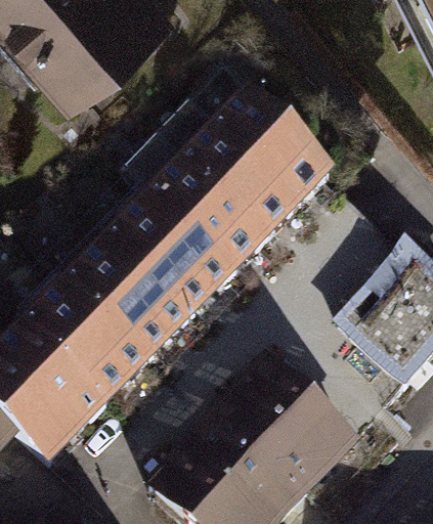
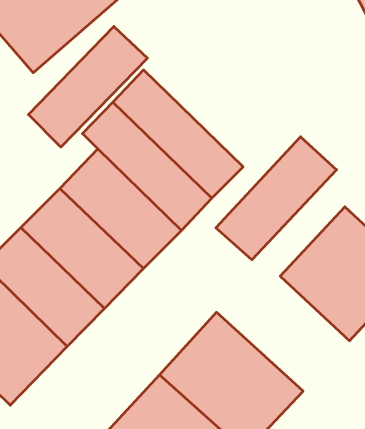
building: none -> [28,26,147,147]
building: [191,67,331,204] -> none
building: none -> [216,137,337,260]

